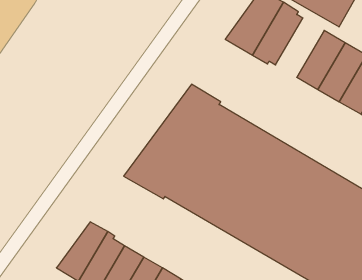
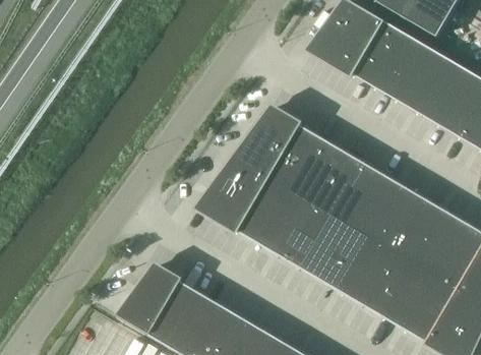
building: none -> [367,27,423,96]

